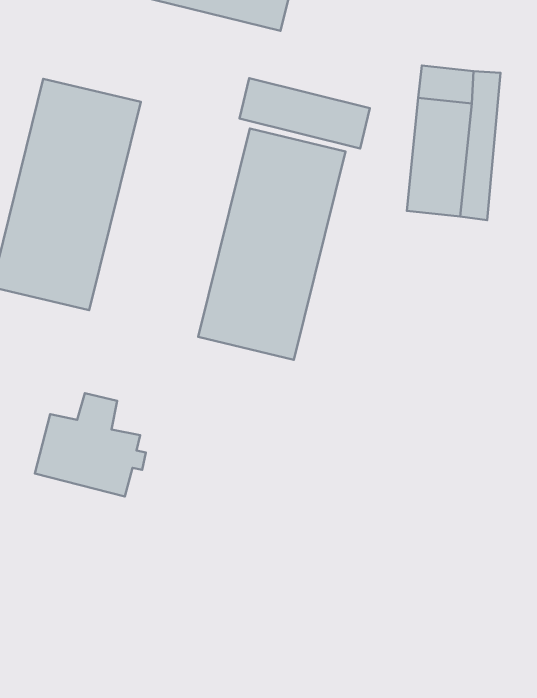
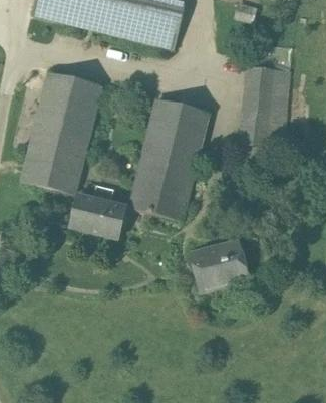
building: [240,78,370,148] -> none
building: [35,393,146,496] -> [70,184,128,238]
building: none -> [191,241,247,289]

